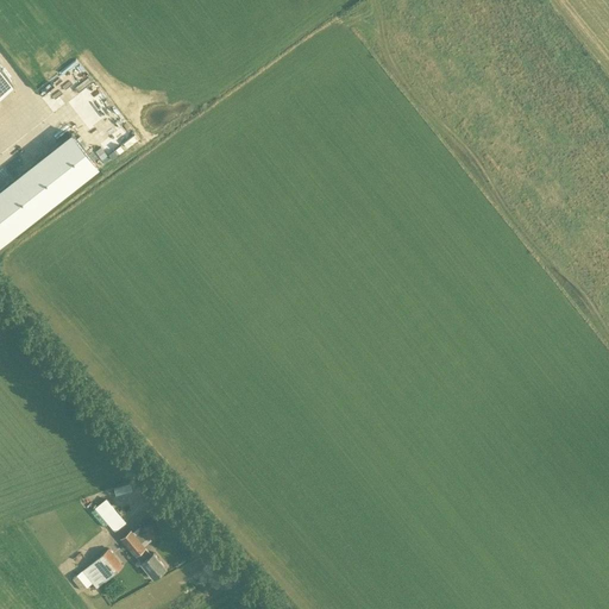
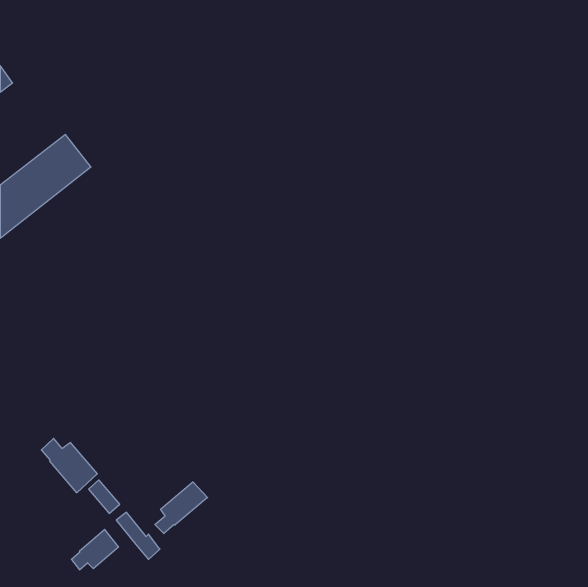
building: none -> [41,438,97,493]
building: none -> [155,482,208,534]

